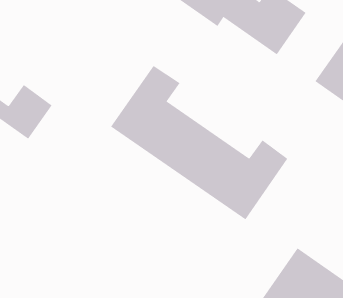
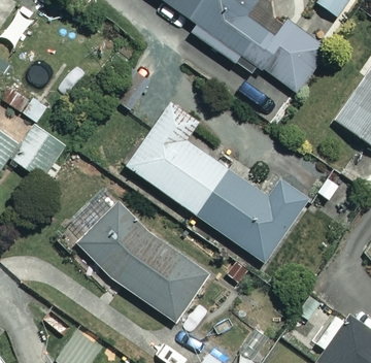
building: none -> [76,203,205,321]

